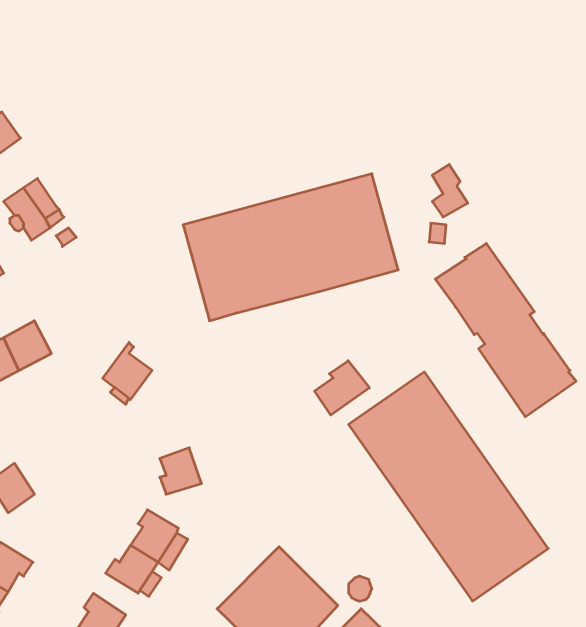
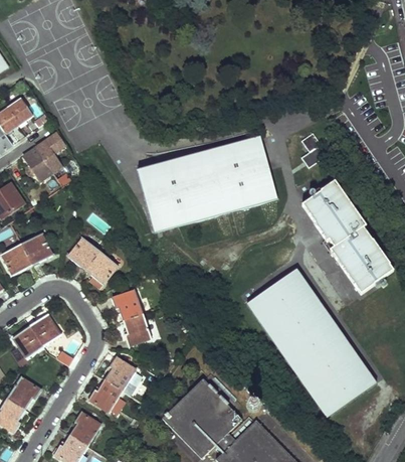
building: none -> [68,238,100,270]
building: [315,361,369,415] -> none
building: none -> [113,292,143,322]
building: none -> [29,313,60,345]

